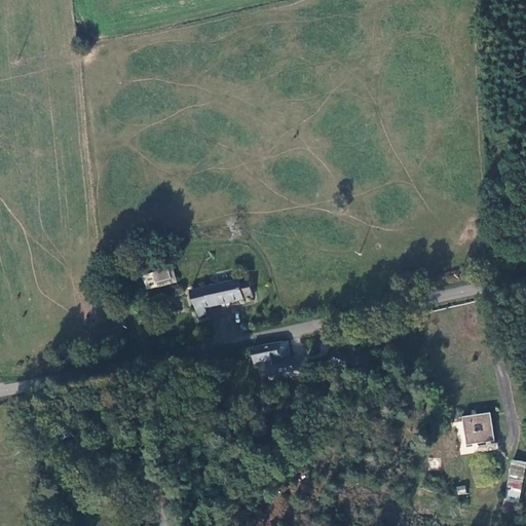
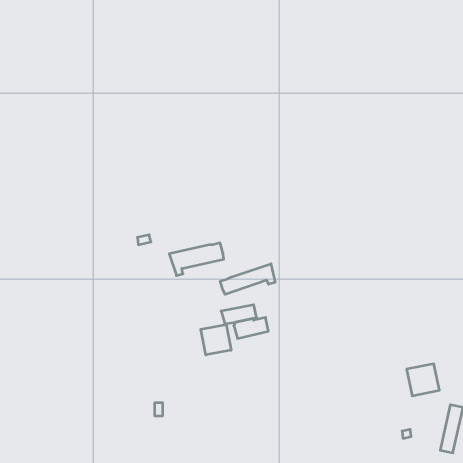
building: none -> [220,264,275,294]
building: none -> [201,324,231,355]

